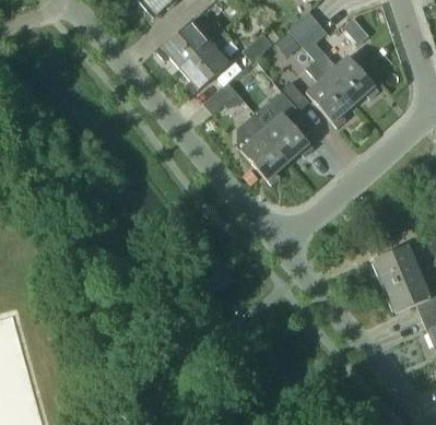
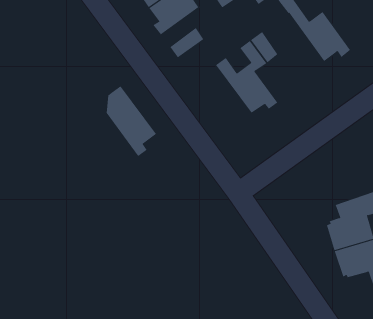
building: [306,60,354,127] -> none
building: [237,117,288,185] -> [106,85,157,157]

